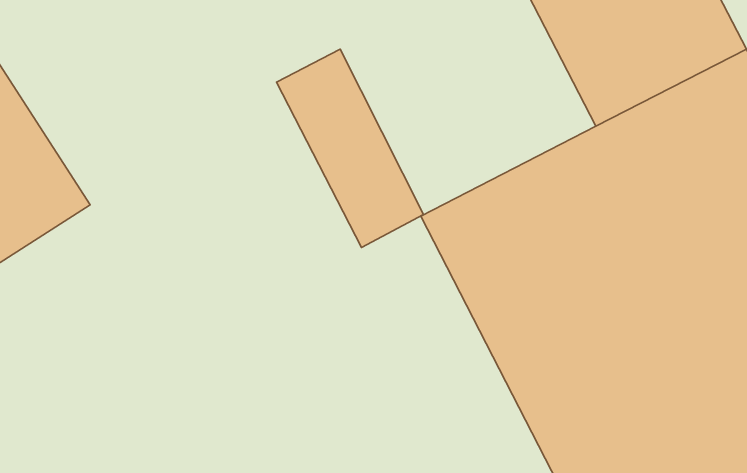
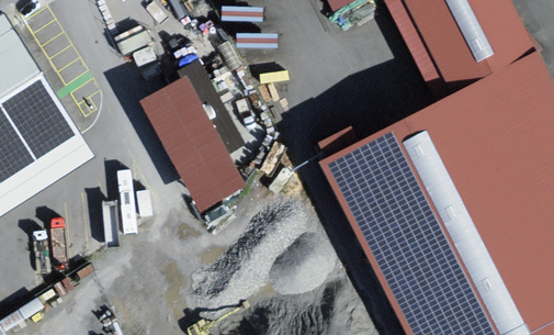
building: [276,49,424,247] -> [144,78,242,211]

